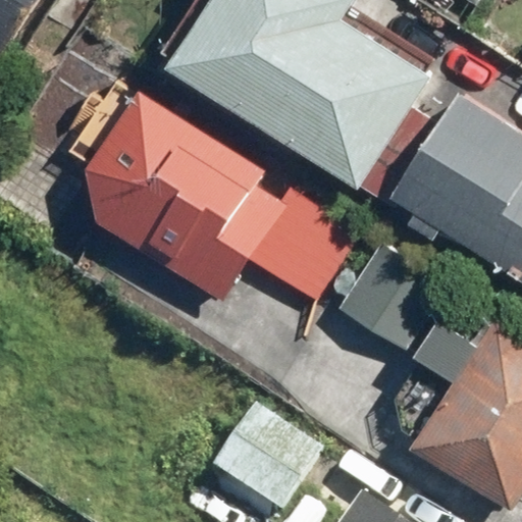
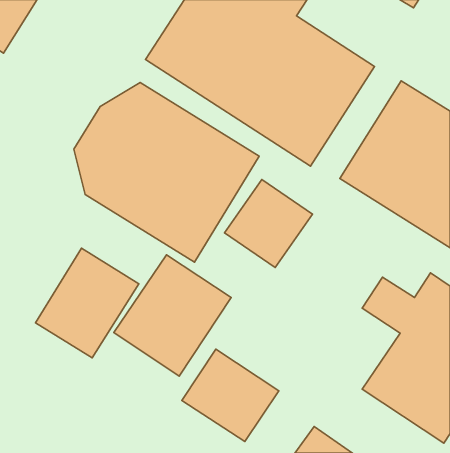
building: [335,242,445,349] -> none
building: none -> [35,248,139,358]
building: none -> [114,255,231,376]

